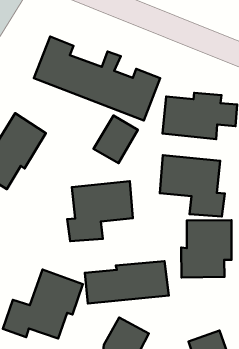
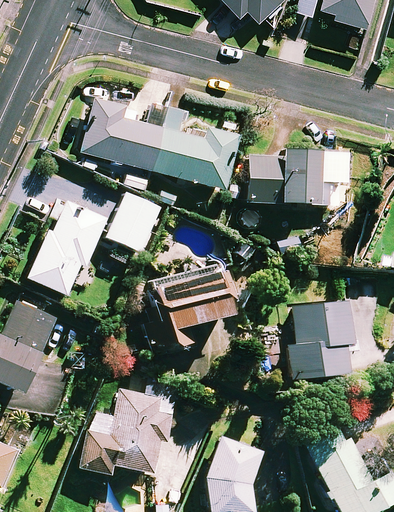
building: [93,116,138,163] -> [109,194,161,252]
building: [160,155,225,216] -> none
building: [85,261,169,304] -> none

